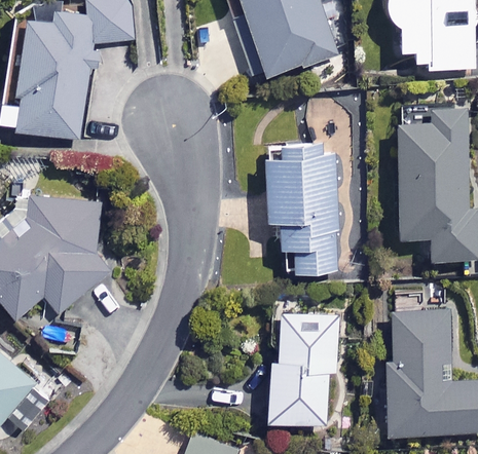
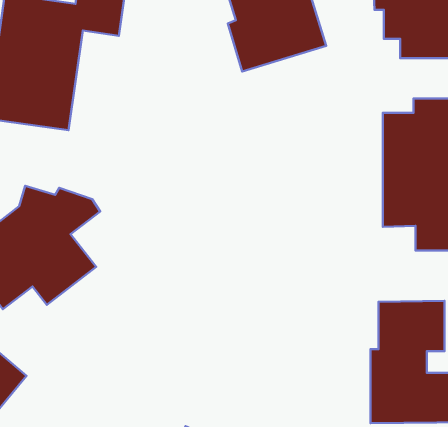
building: [265,155,340,270] -> none
building: [265,298,341,422] -> none

